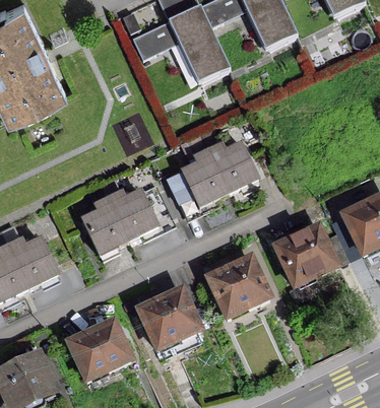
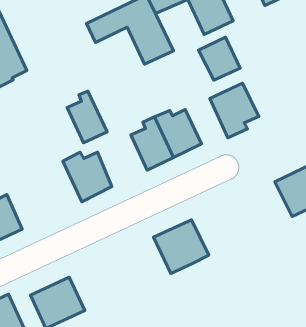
building: none -> [199,37,240,80]
building: none -> [210,83,259,138]
building: [81,195,126,253] -> [67,91,107,143]
building: [274,230,334,289] -> none
building: [138,292,198,352] -> none

